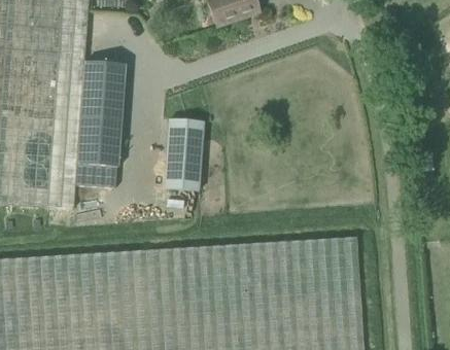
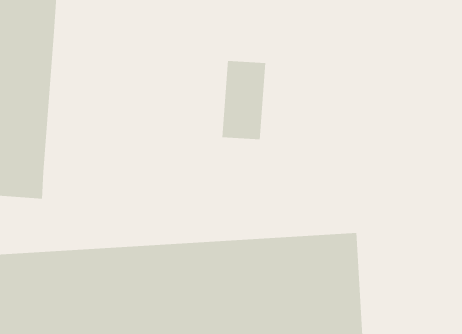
building: [74,63,124,187] -> none
building: [163,120,203,191] -> [222,61,266,140]

